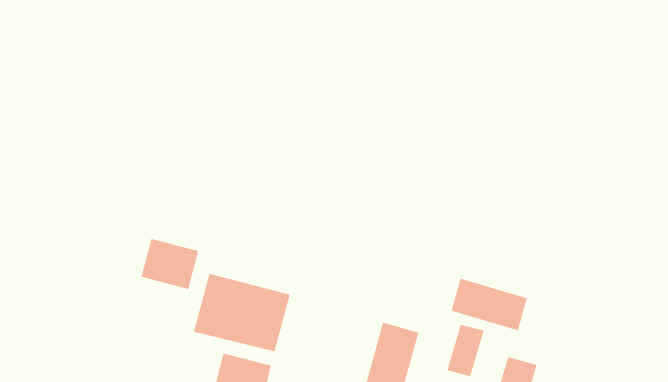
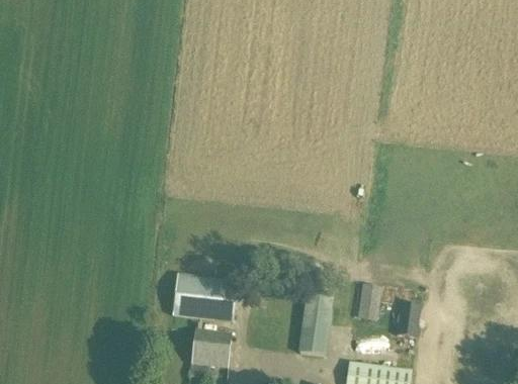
building: [141,238,199,290] -> none
building: [451,278,527,331] -> none

